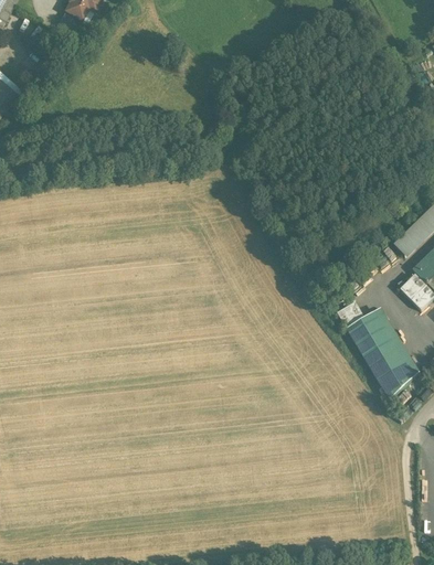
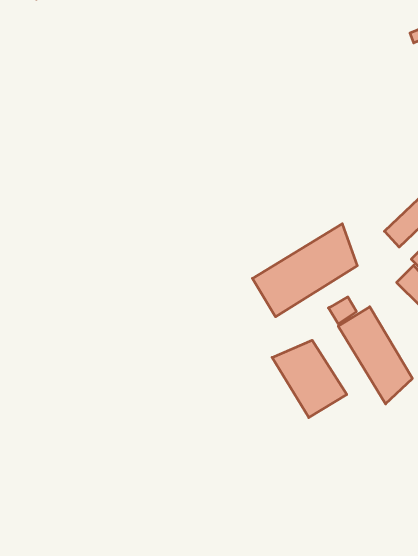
building: none -> [252,224,357,317]
building: none -> [272,340,347,418]

